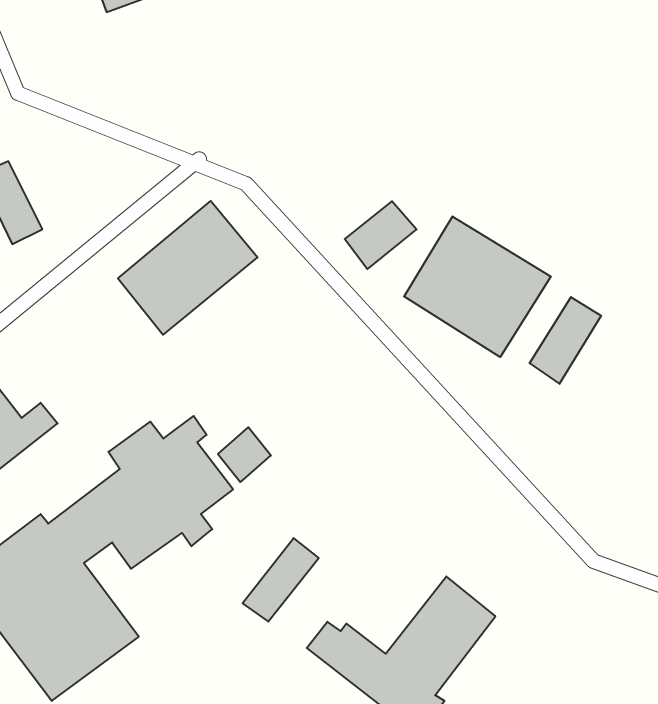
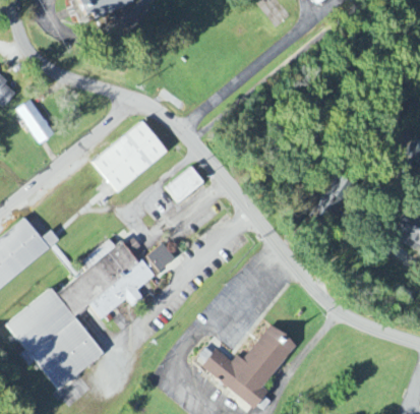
building: [345,201,417,269] -> [166,166,204,202]
building: [404,216,551,357] -> none
building: [243,538,319,622] -> none

